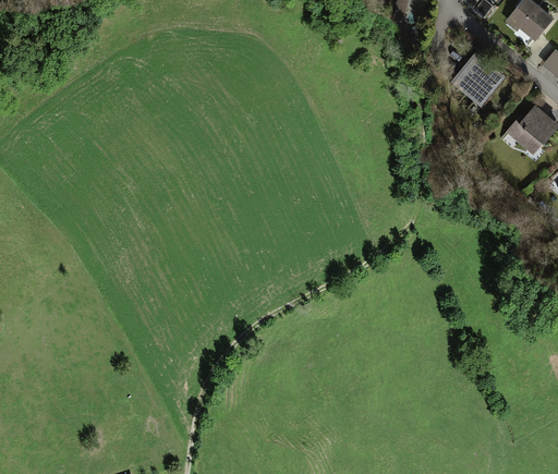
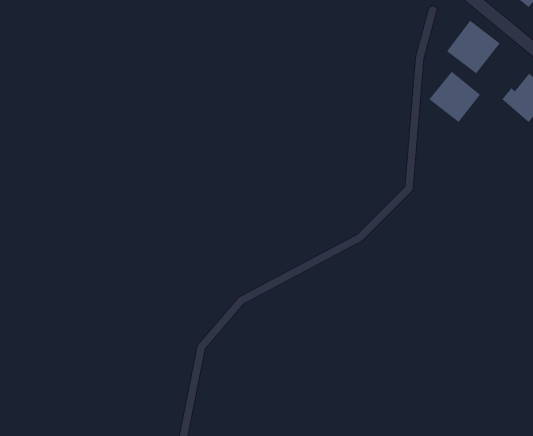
building: none -> [429,71,481,123]

